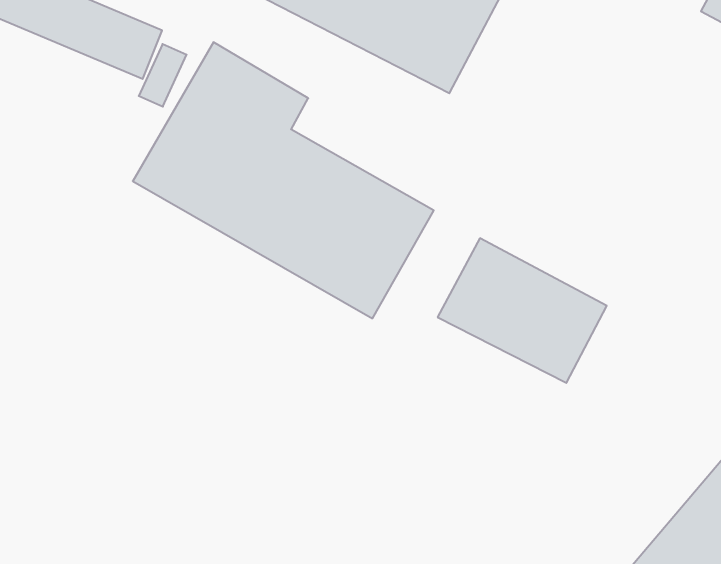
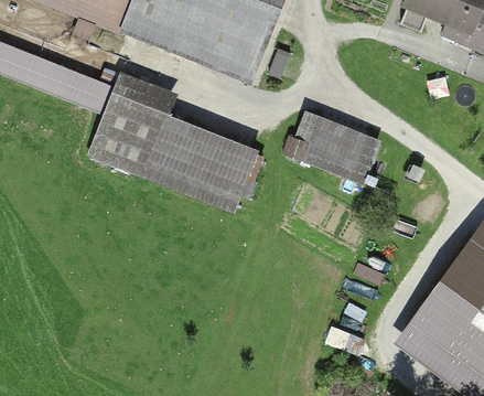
building: [438,238,607,383] -> [290,109,385,185]

